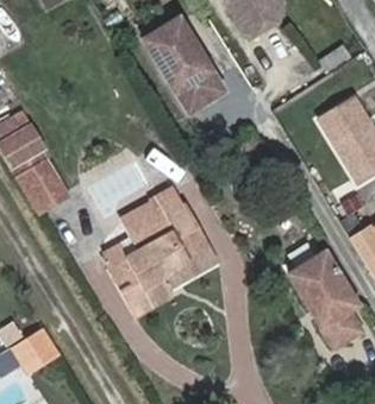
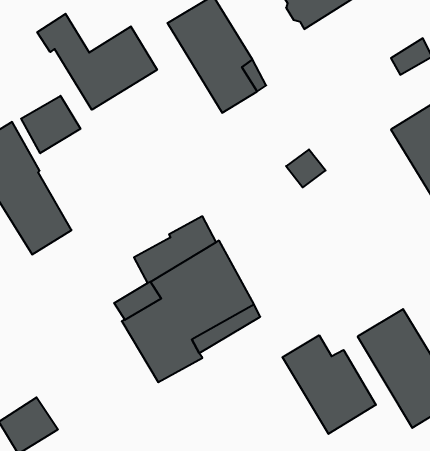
building: none -> [37,14,157,110]
building: none -> [21,96,80,153]
building: none -> [282,335,376,434]

